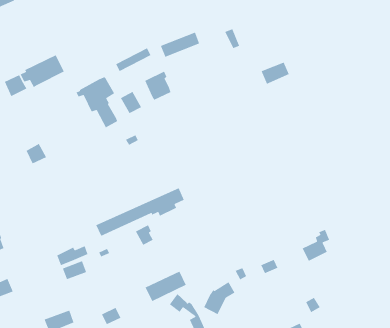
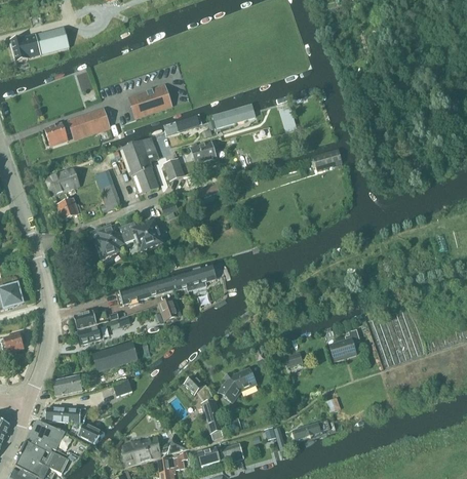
building: none -> [127,84,170,117]
building: none -> [93,169,120,212]
building: none -> [44,167,79,195]
building: none -> [96,219,162,256]
building: [145,270,187,302] -> [91,342,135,370]

